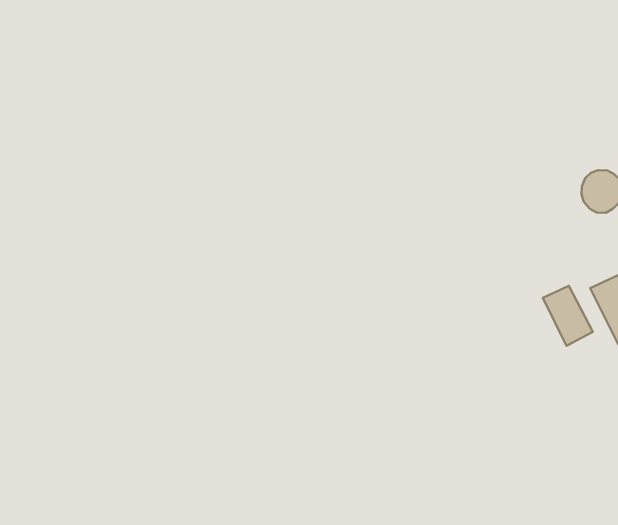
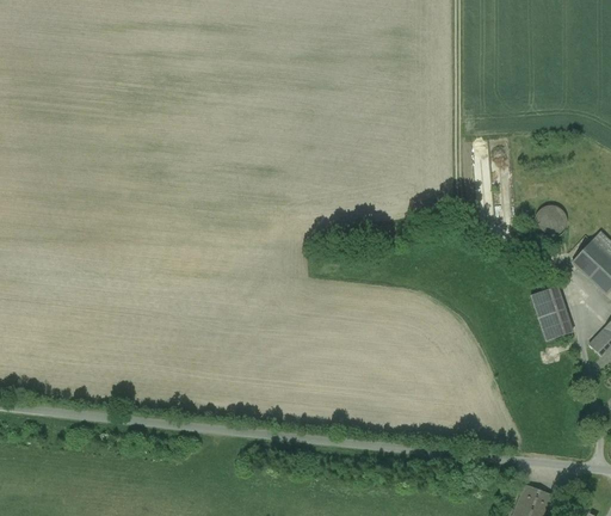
building: [543,286,593,346] -> none

